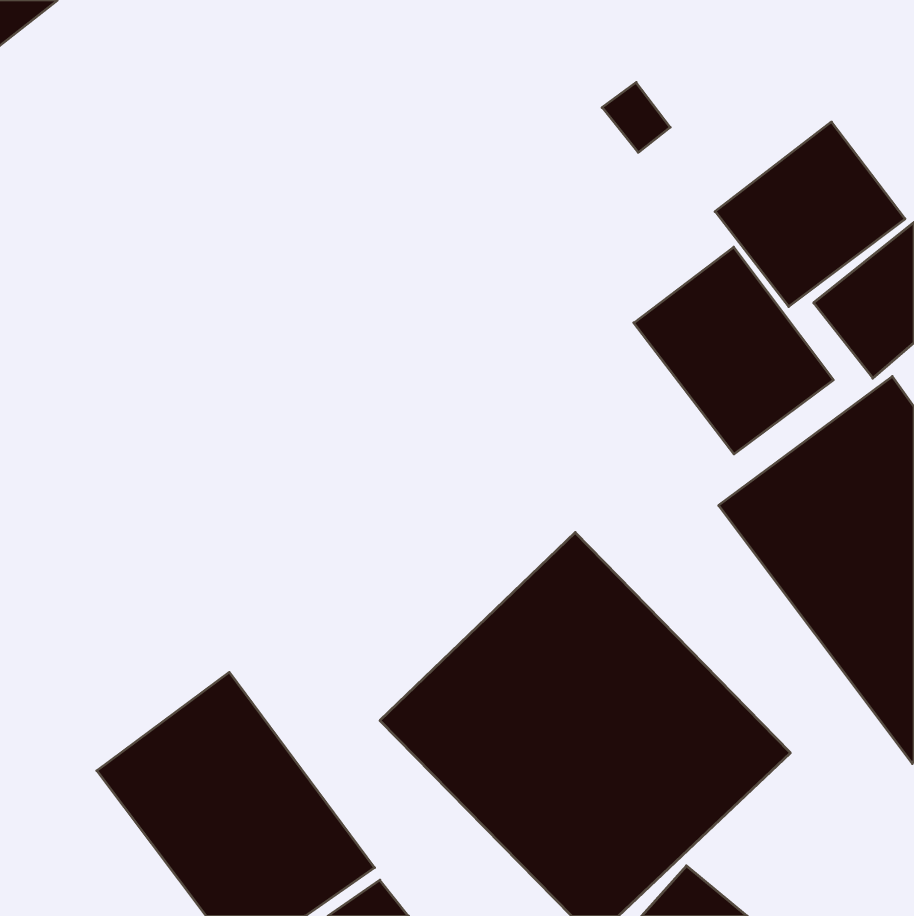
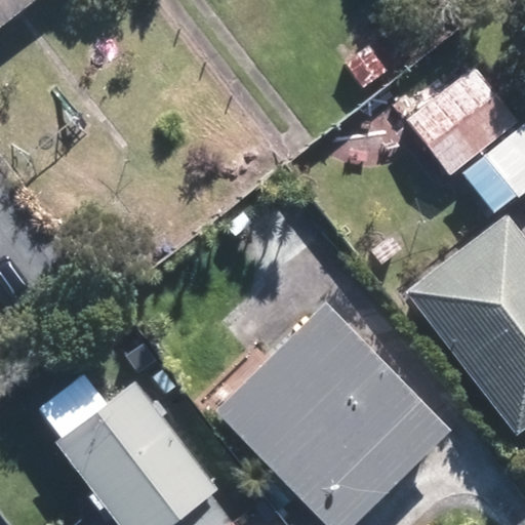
building: [634,247,833,454] -> none

